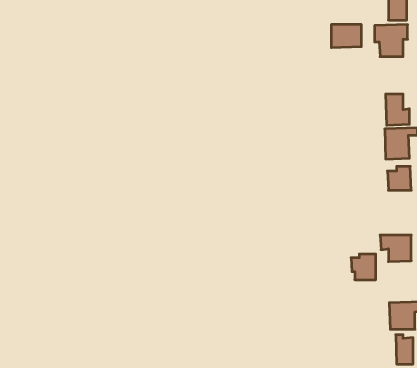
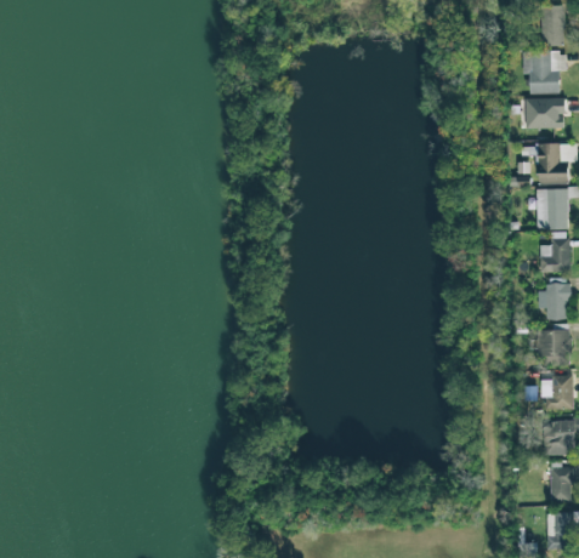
building: [331,25,361,48] -> [524,98,564,129]
building: none -> [538,279,568,319]
building: [351,254,376,280] -> [540,375,573,409]

